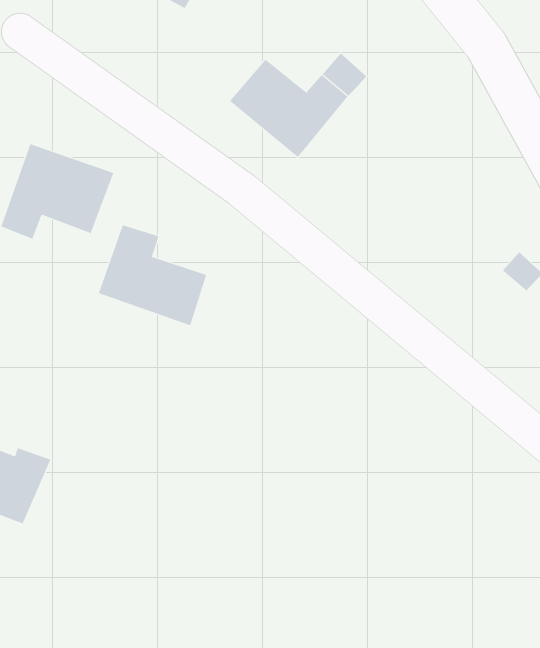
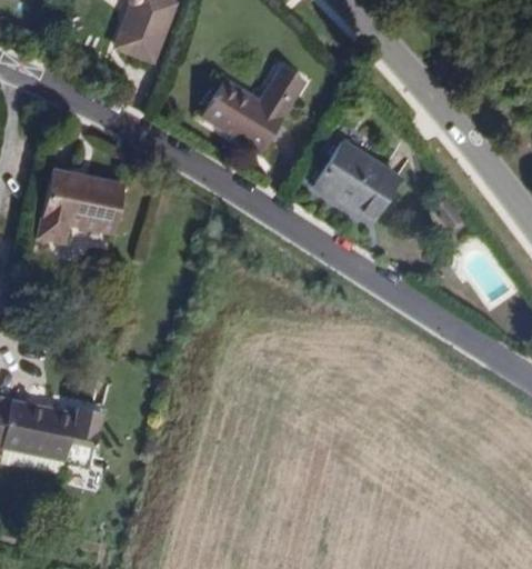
building: none -> [314,139,400,220]
building: [98,225,207,326] -> none

